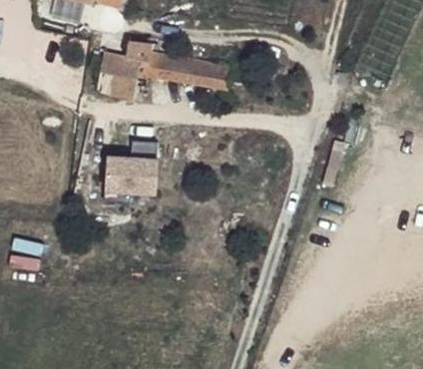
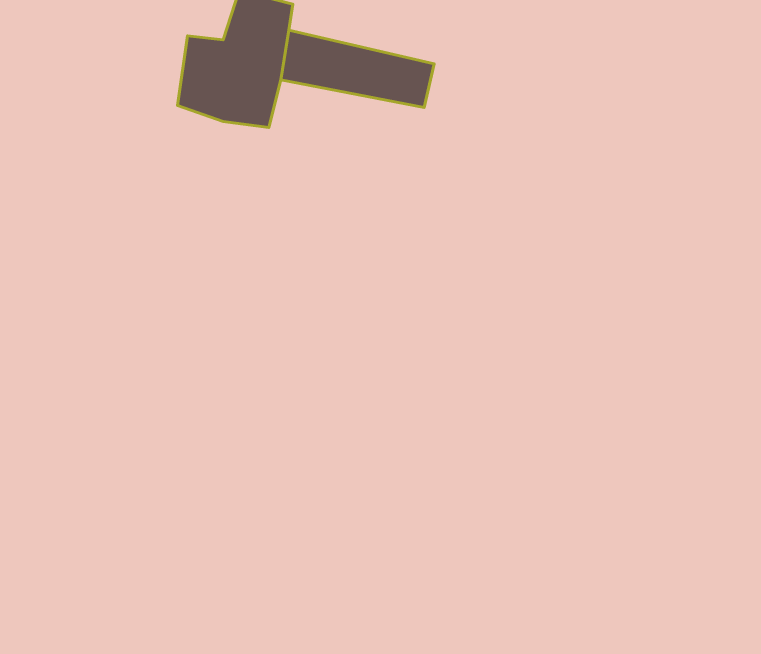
building: [100,157,153,198] -> none

